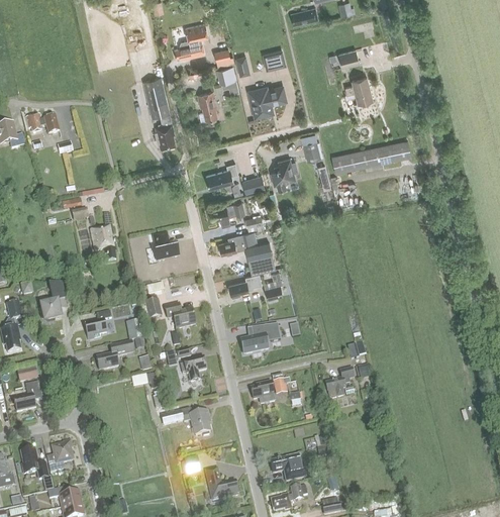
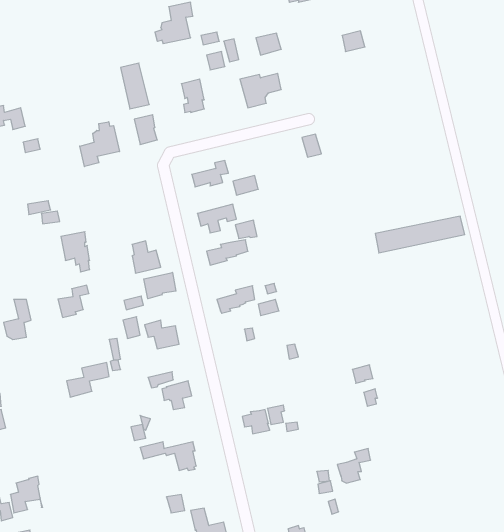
building: [344,76,372,104] -> none
building: none -> [80,122,119,167]
building: [332,140,411,173] -> [375,216,465,253]
building: [270,157,297,190] -> none
building: [245,242,276,274] -> none
building: none -> [144,272,176,299]
building: [84,311,111,339] -> [58,285,89,317]
building: [240,324,280,353] -> none
building: [325,368,355,398] -> [337,449,371,483]
building: [270,453,303,482] -> none

